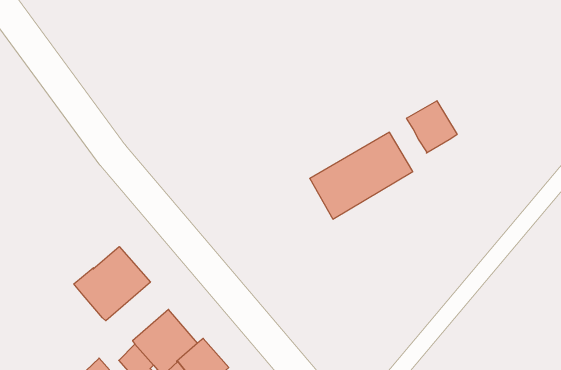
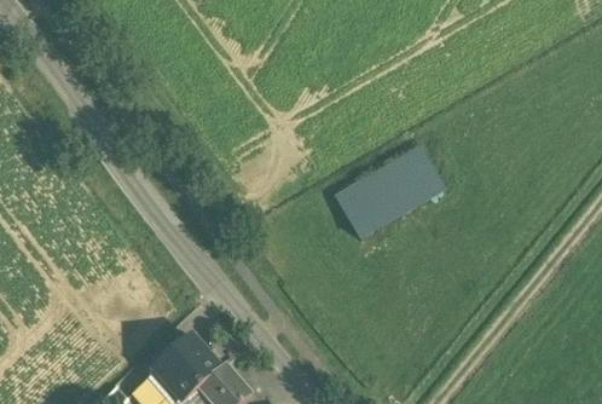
building: [407,101,457,153] -> none
building: [74,247,150,321] -> none

